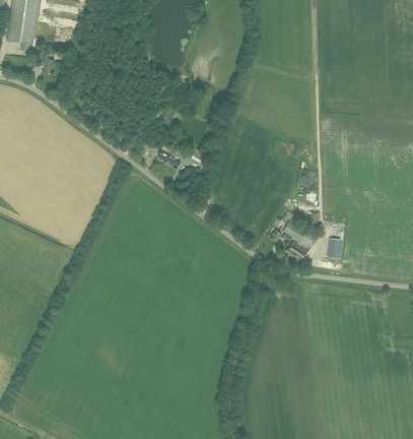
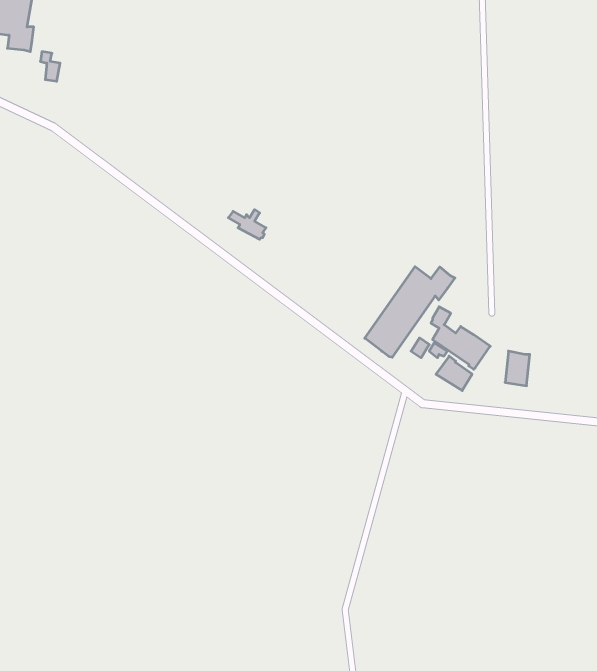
building: none -> [365,267,455,357]

